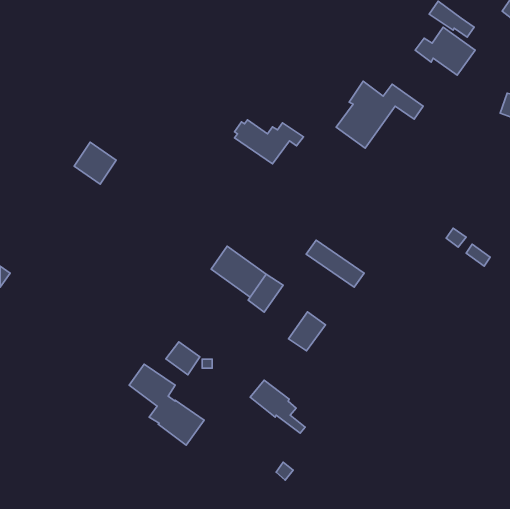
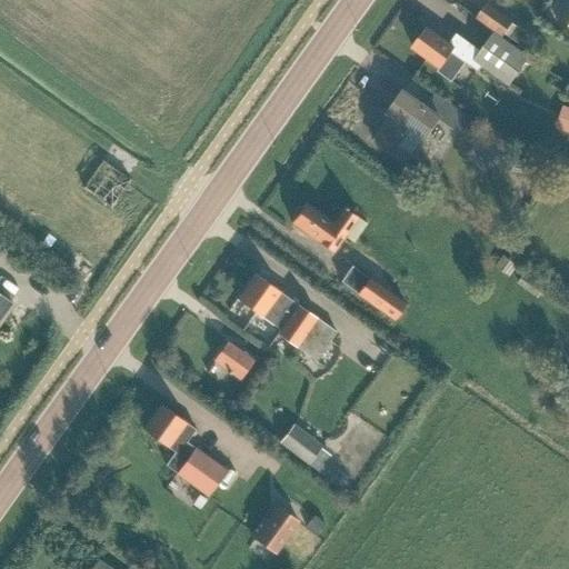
building: none -> [411,26,472,67]
building: [235,120,304,164] -> [291,203,368,252]
building: [288,312,325,351] -> [295,317,336,360]
building: [166,342,200,375] -> [213,342,251,379]
building: none -> [250,503,300,552]

